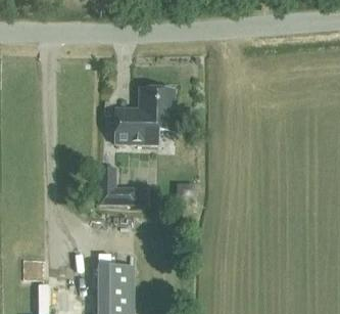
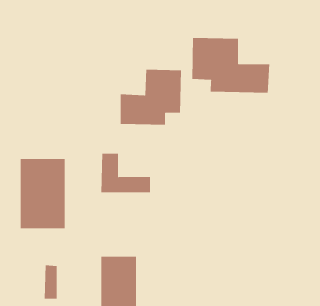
building: none -> [192,37,270,93]
building: none -> [20,158,65,229]

